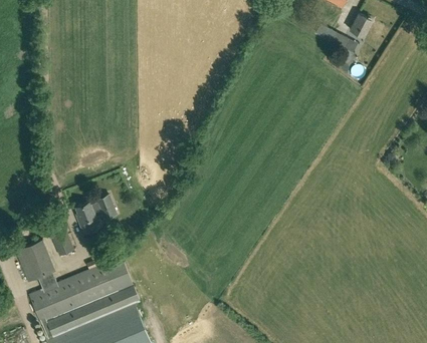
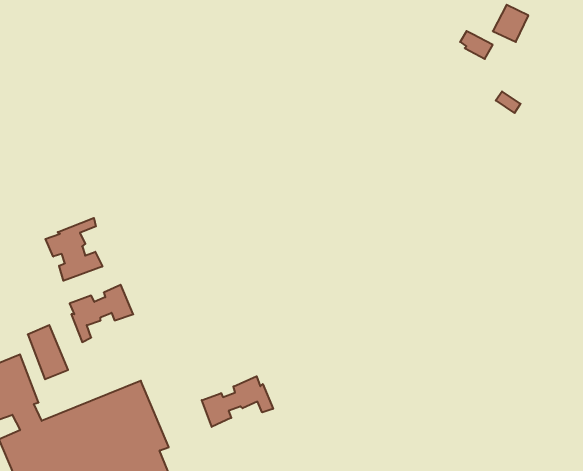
building: none -> [45,218,102,281]
building: none -> [202,376,273,427]

